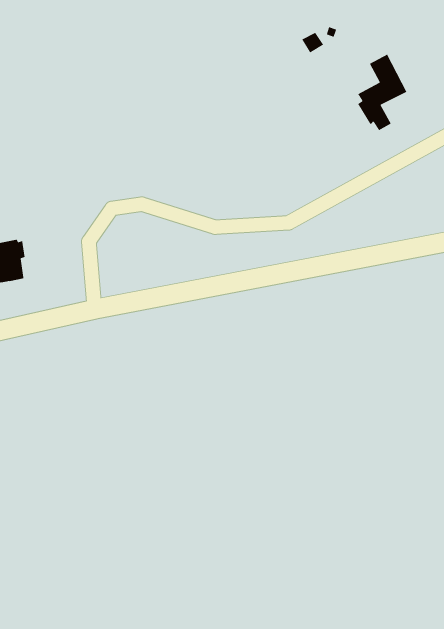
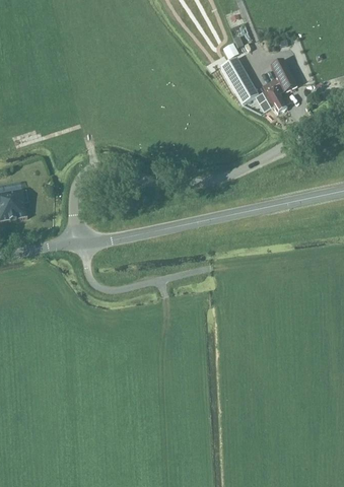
building: none -> [220,56,259,103]

